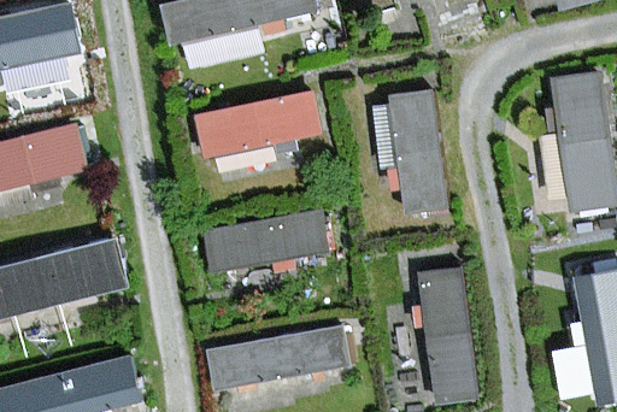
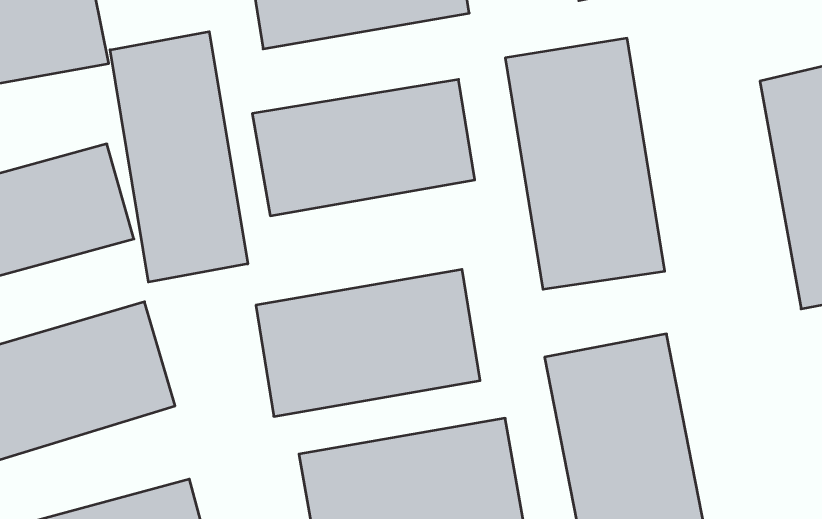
building: none -> [110,32,248,282]

